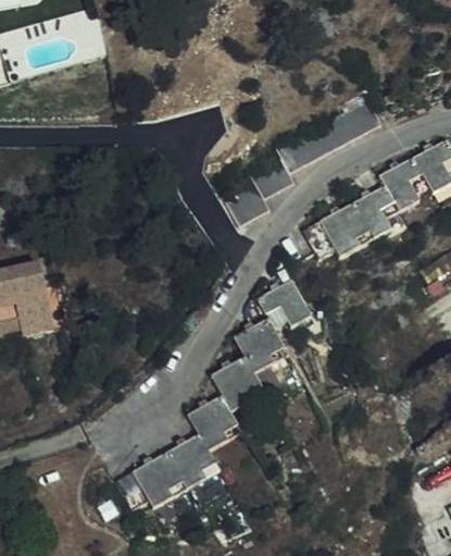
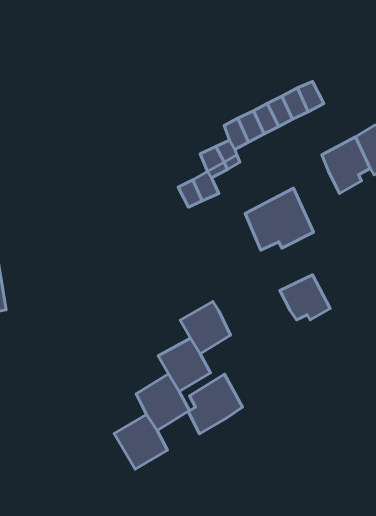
building: [351,182,399,246] -> none
building: [256,281,309,328] -> [280,275,330,320]
building: none -> [188,374,243,434]
building: [115,455,187,515] -> none

